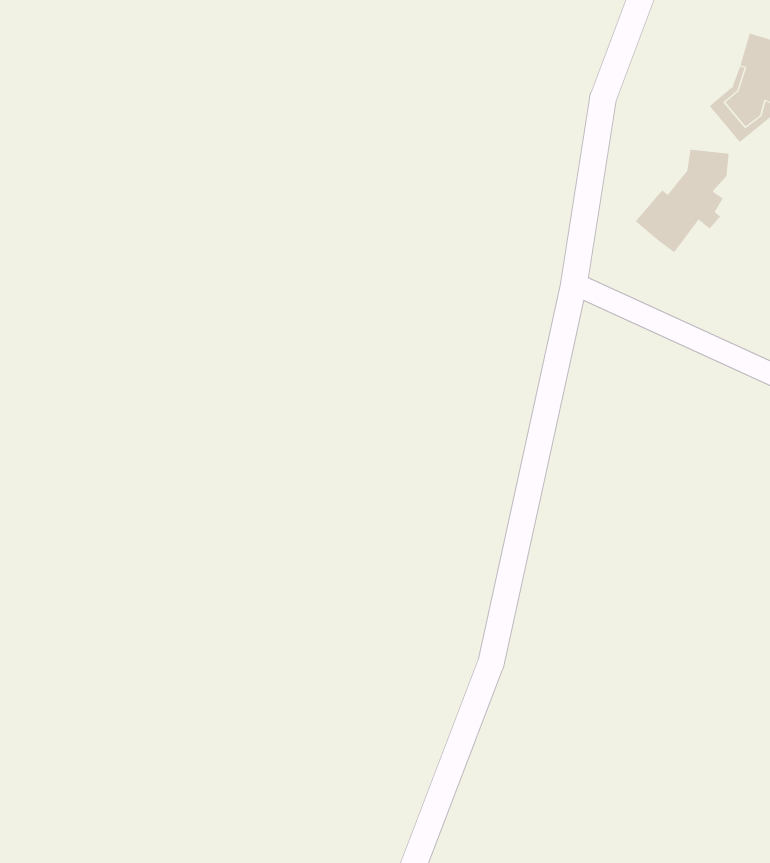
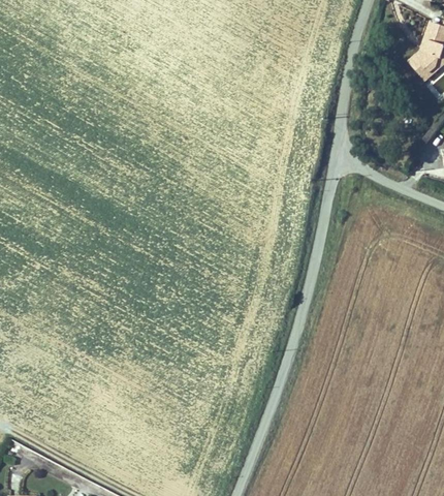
building: [635,149,729,253] -> none

